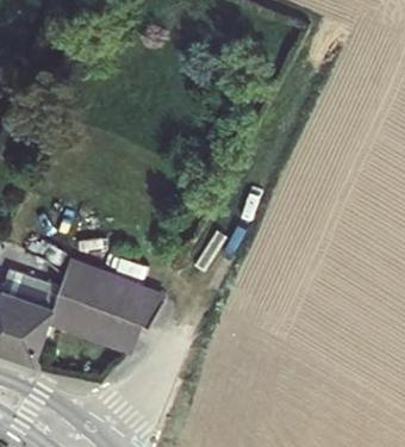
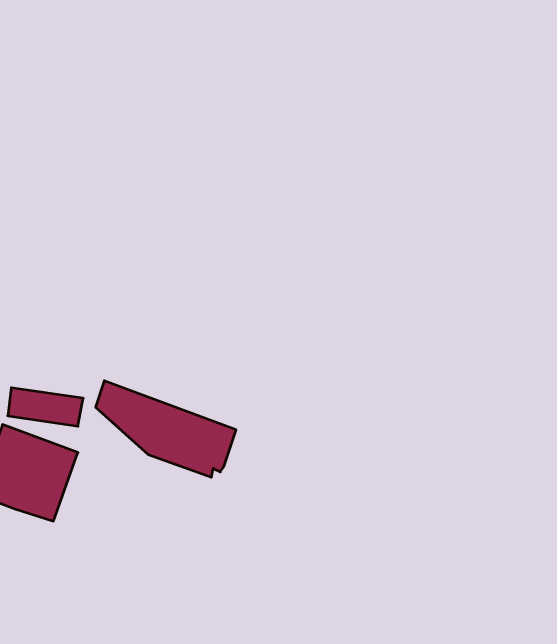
building: [55,283,145,344] -> none

